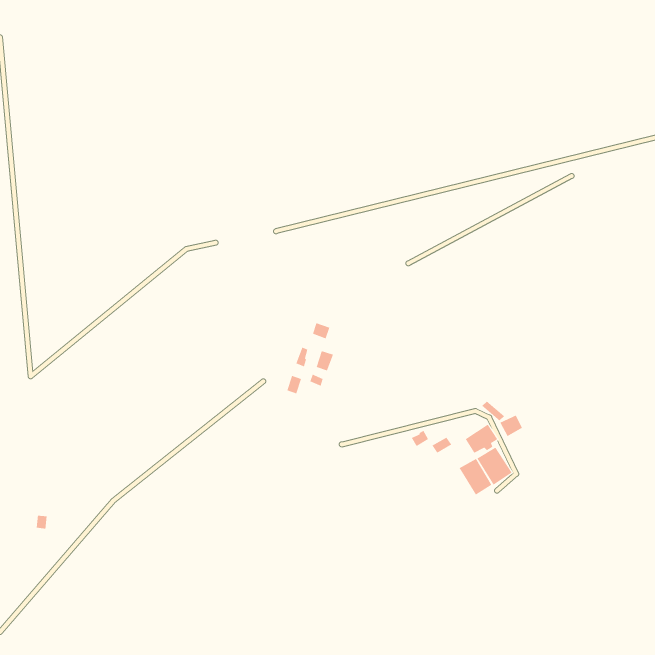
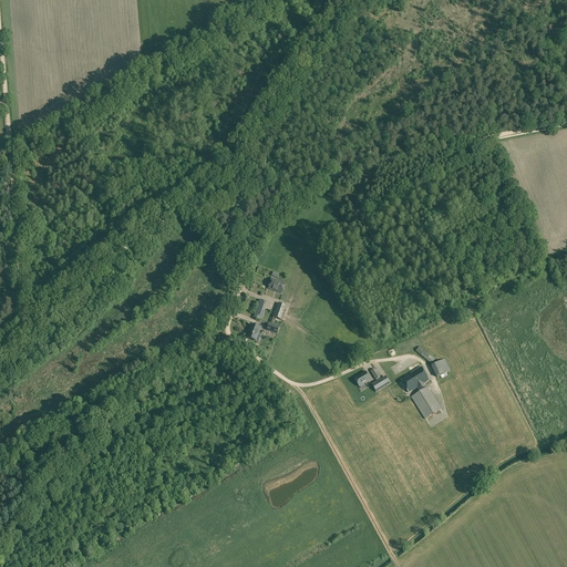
building: [459,458,492,496] -> none

